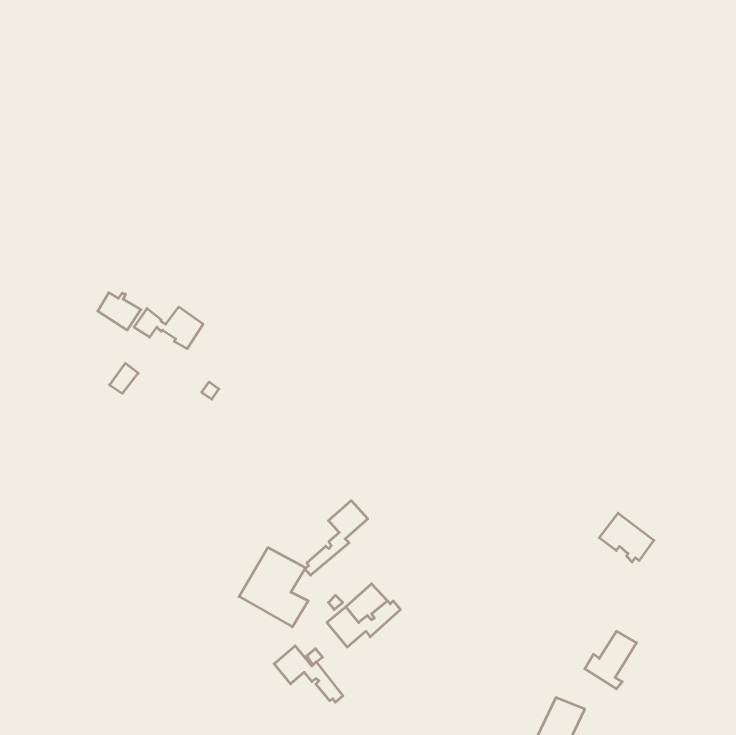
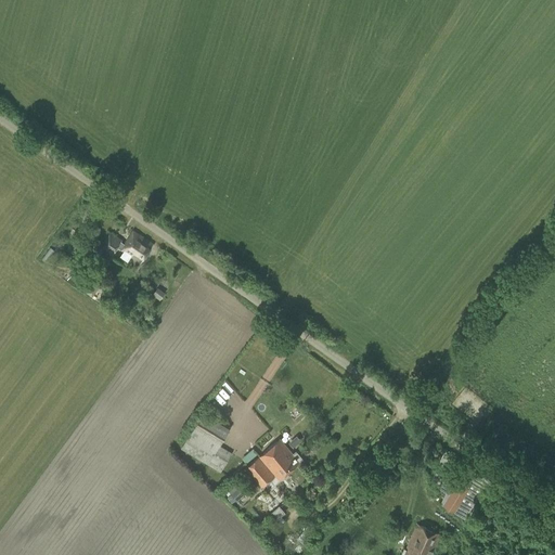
building: [98,293,141,330] -> none
building: [305,501,368,575] -> none
building: [274,646,343,702] -> none

